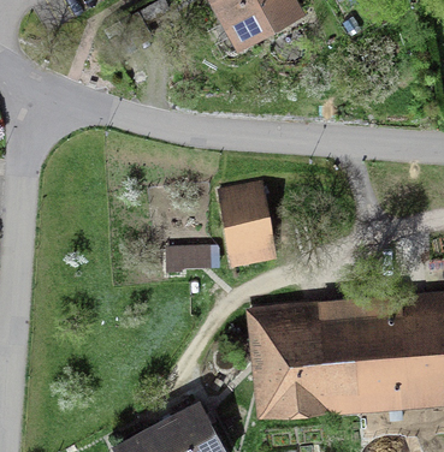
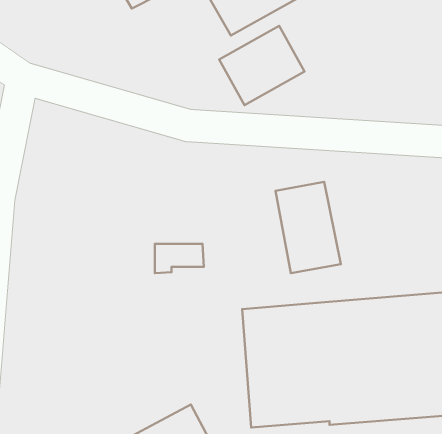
building: none -> [219,26,304,105]
building: [215,184,277,269] -> [275,182,341,273]

